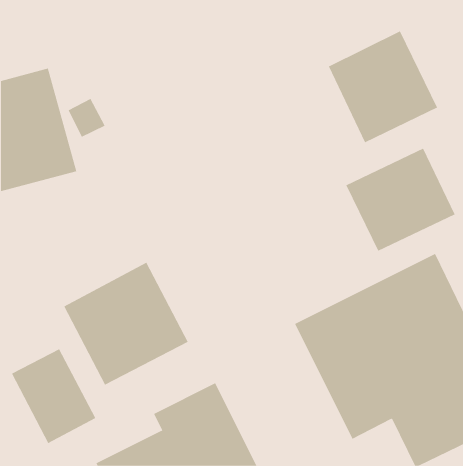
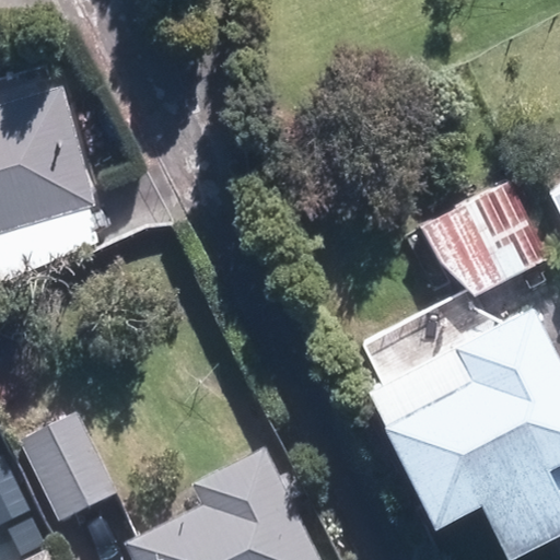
building: [328,30,438,143] -> none
building: [64,262,188,386] -> none

